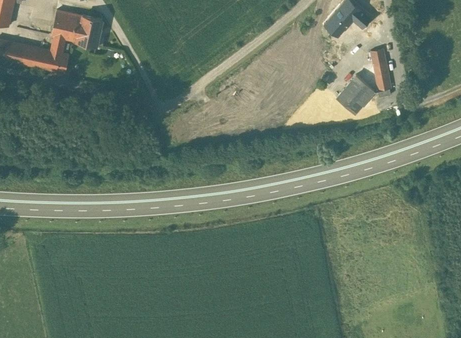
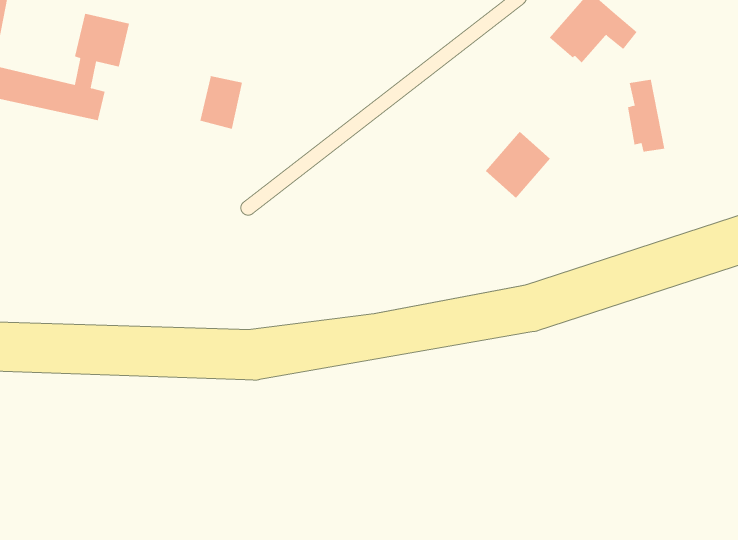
building: [77,16,102,47] -> [199,75,243,129]
building: [336,75,374,114] -> [485,131,551,199]

